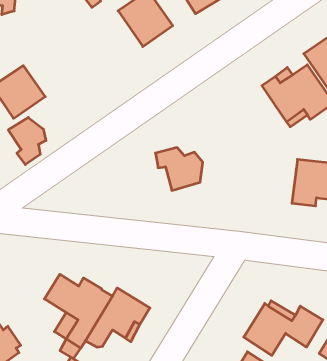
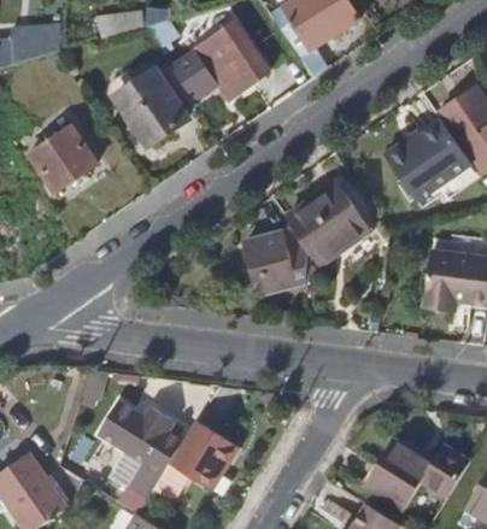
building: none -> [115,66,195,145]
building: none -> [286,182,368,257]
building: [8,117,46,165] -> none

